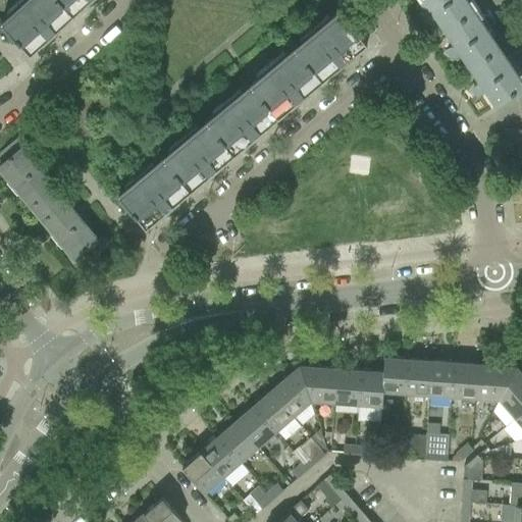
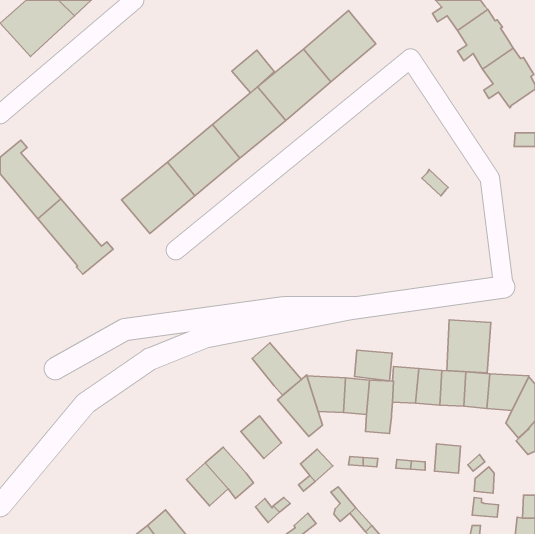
building: none -> [232,50,274,93]
building: none -> [447,320,491,373]
building: none -> [355,350,392,381]
building: [253,390,301,441] -> [252,343,301,395]
building: [217,421,257,462] -> none

